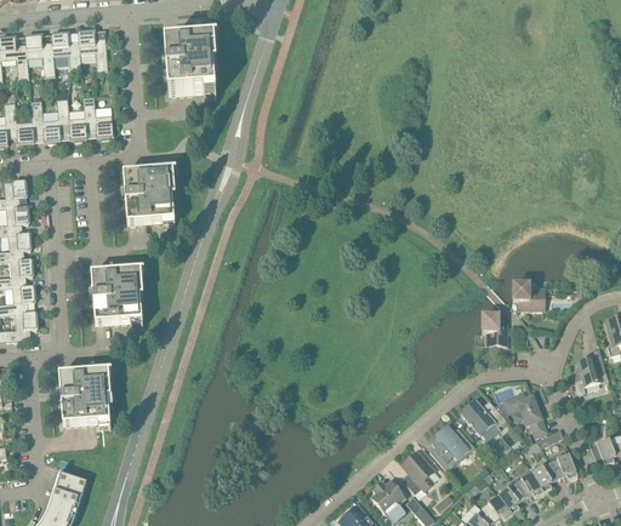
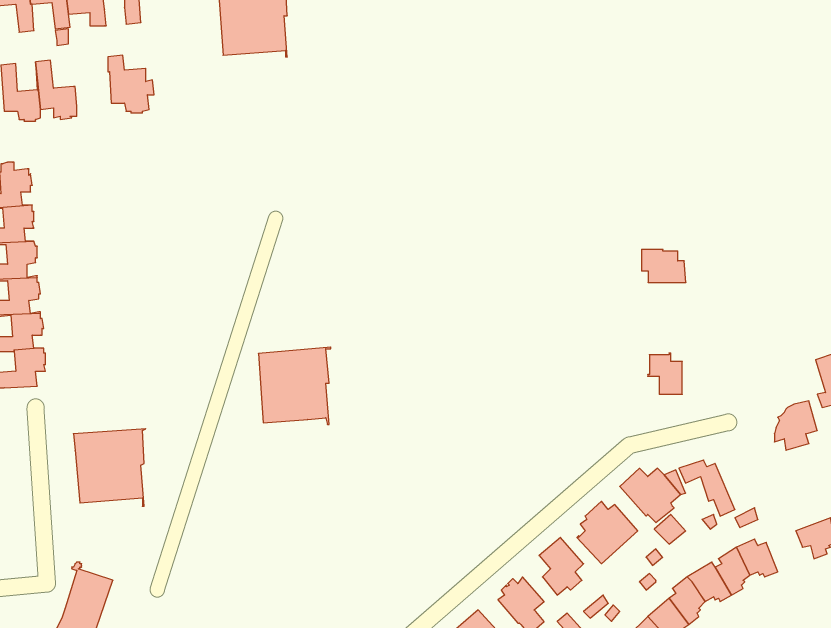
building: [56,97,86,139] -> none
building: [123,168,175,225] -> none
building: [90,268,143,325] -> [258,347,331,424]
building: [512,284,545,308] -> [642,249,686,282]

